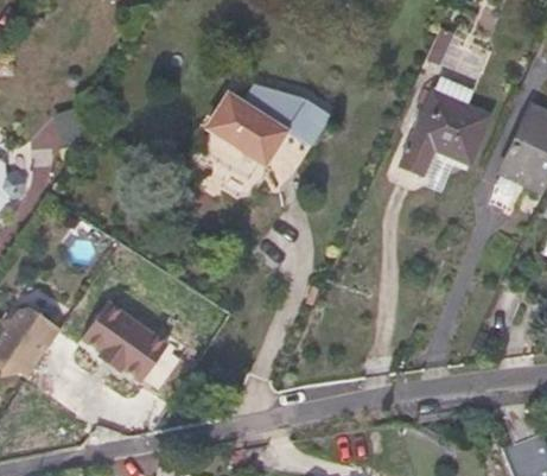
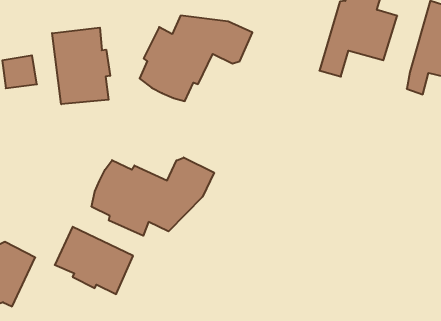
building: none -> [52,28,110,104]
building: none -> [92,157,214,236]

